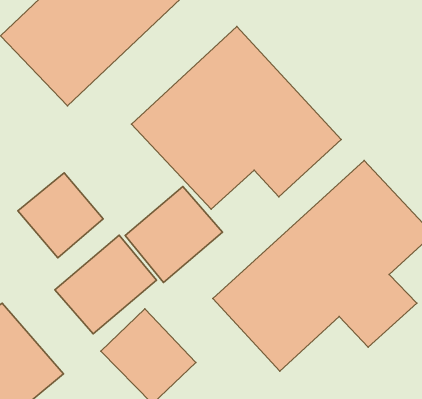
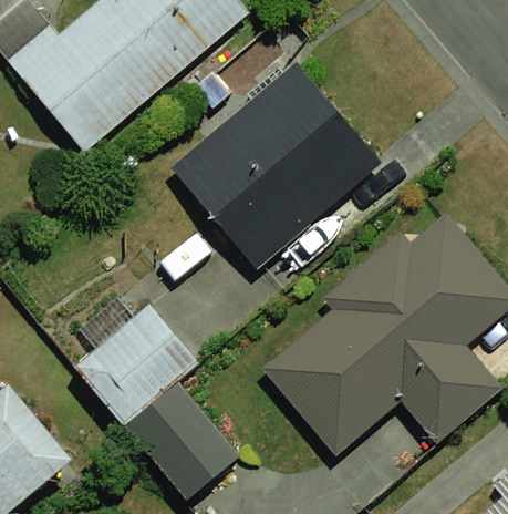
building: [18,173,103,258] -> none
building: [125,187,222,282] -> none

